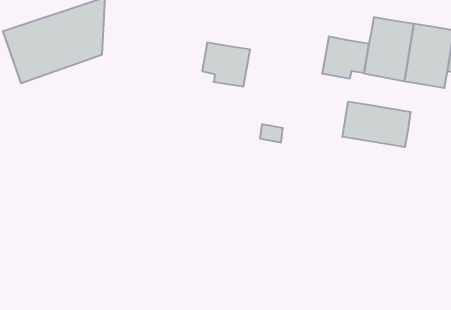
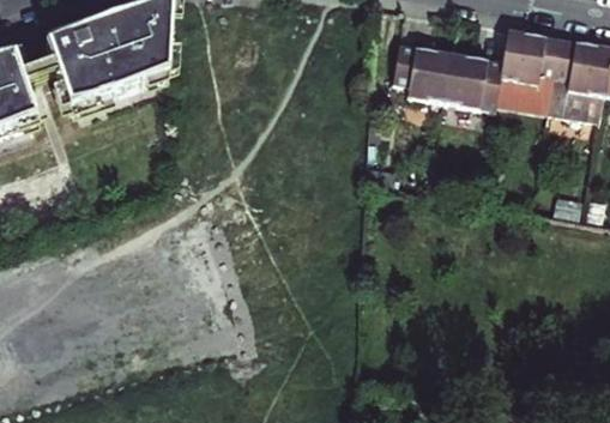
building: [202,43,250,87] -> [393,44,453,99]
building: [342,102,411,147] -> none

